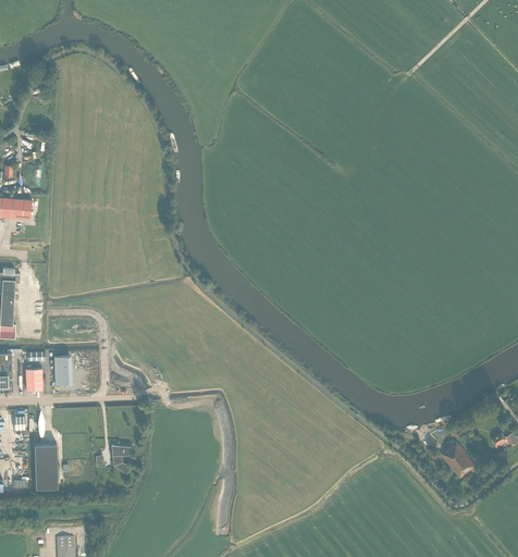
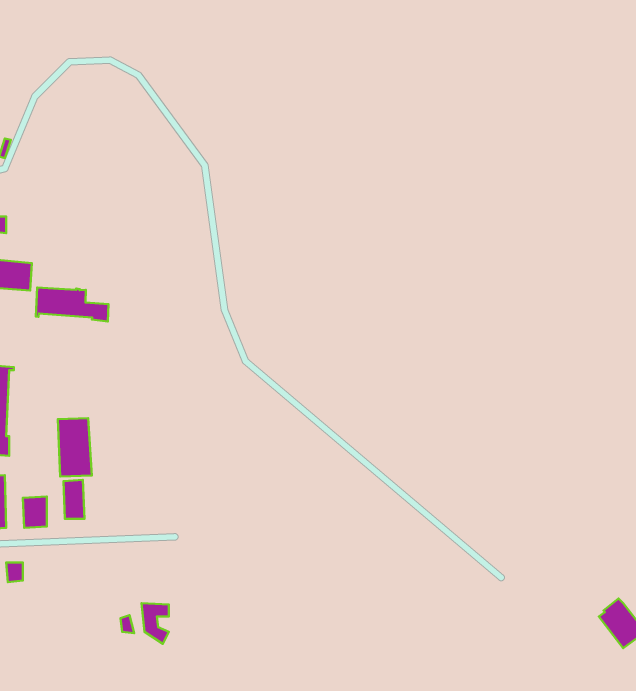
building: none -> [36,288,109,321]
building: none -> [58,418,92,476]
building: [35,444,58,488] -> none

